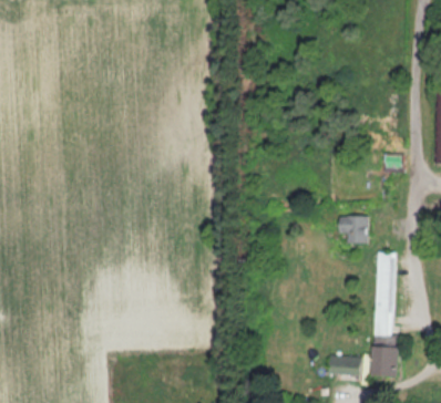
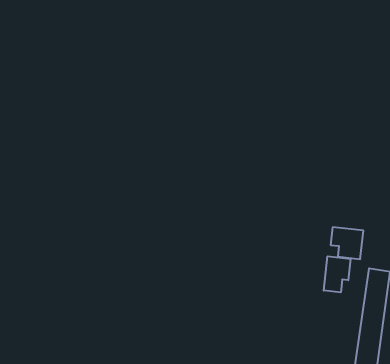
building: none -> [324,256,351,292]

